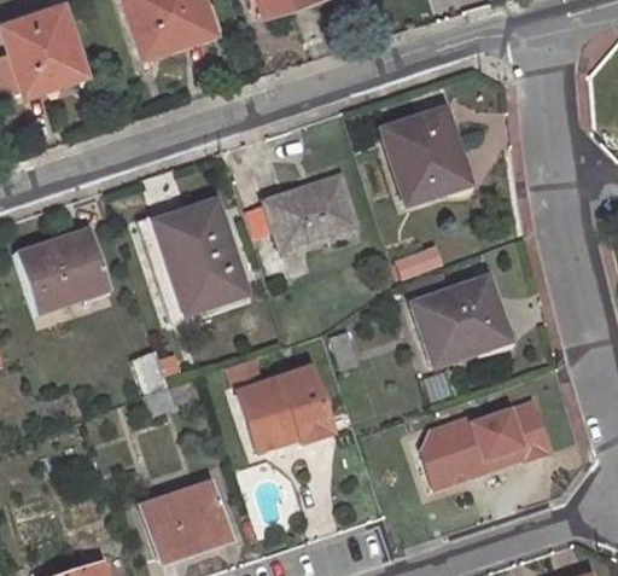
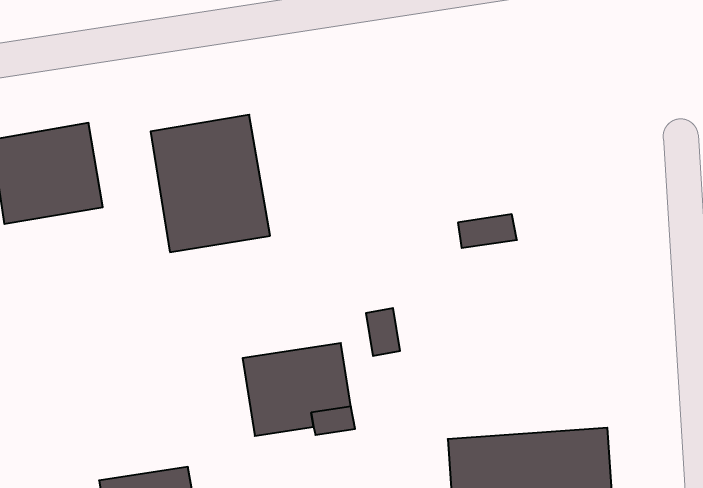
building: [385,114,470,206] -> none
building: [268,176,358,252] -> none
building: [415,280,501,365] -> none

